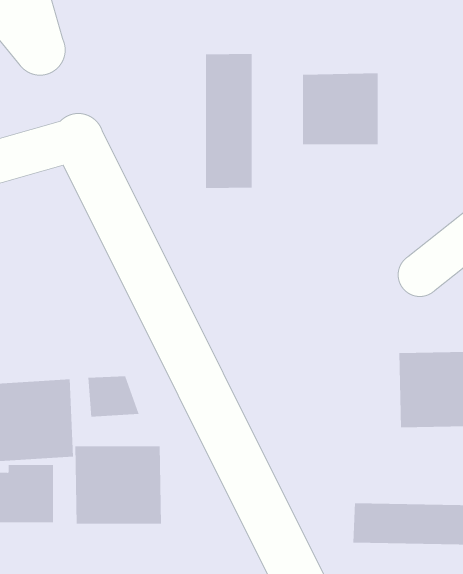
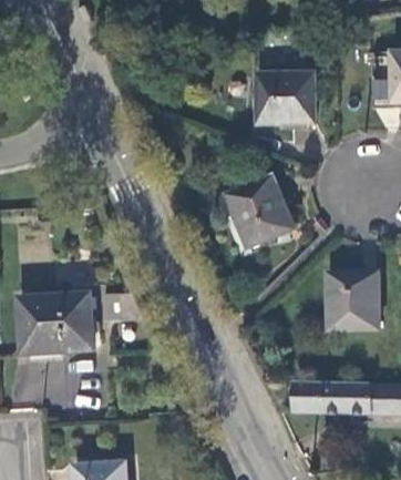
building: [206,53,252,189] -> none
building: none -> [226,175,295,248]
building: [75,445,162,525] -> none

